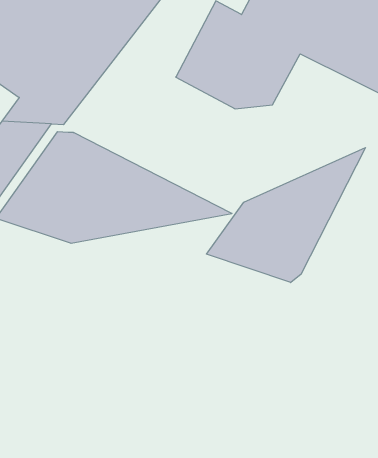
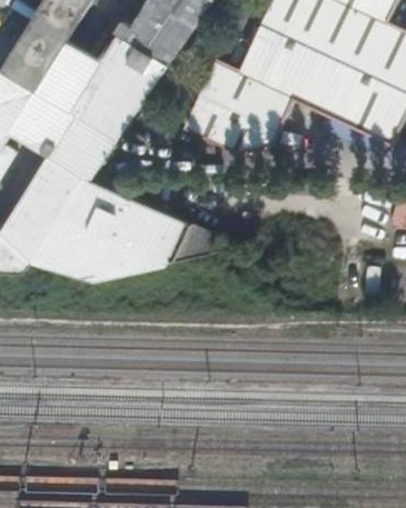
building: [206,148,365,283] -> none

